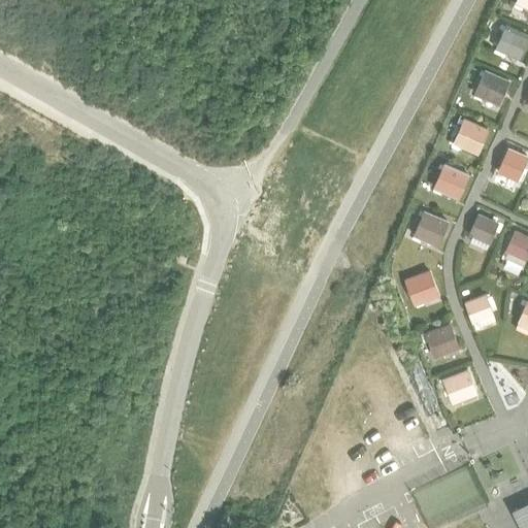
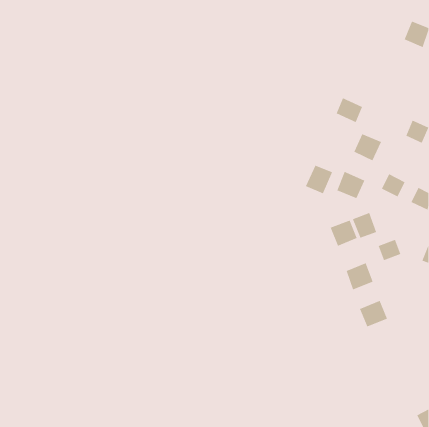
building: [475,72,509,105] -> none
building: [456,121,489,152] -> [336,98,363,123]
building: none -> [305,165,333,194]
building: none -> [352,212,377,239]

